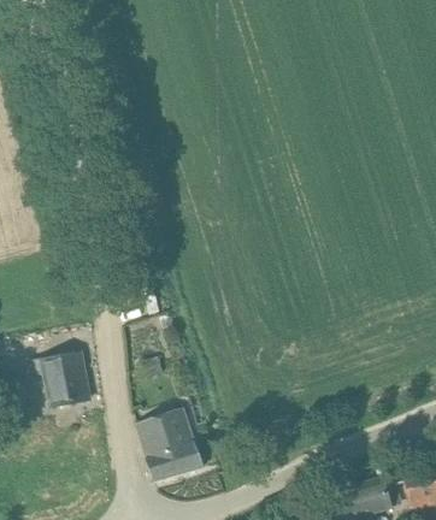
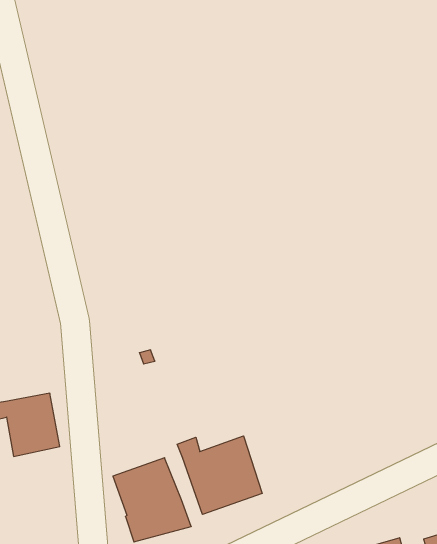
building: none -> [177,436,262,514]

